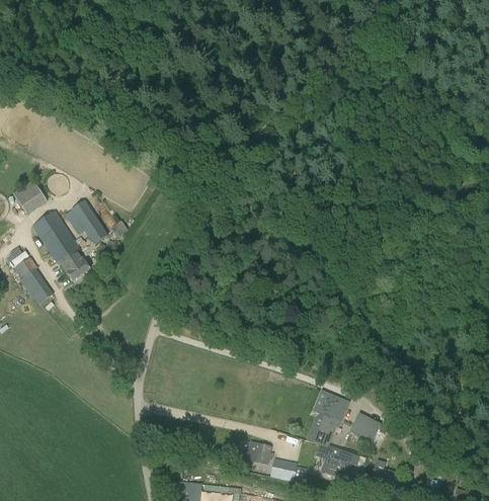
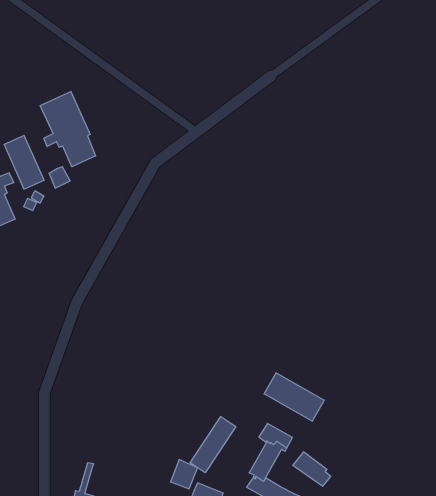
building: none -> [40,91,96,167]
building: none -> [264,373,324,421]
building: none -> [190,417,236,473]

